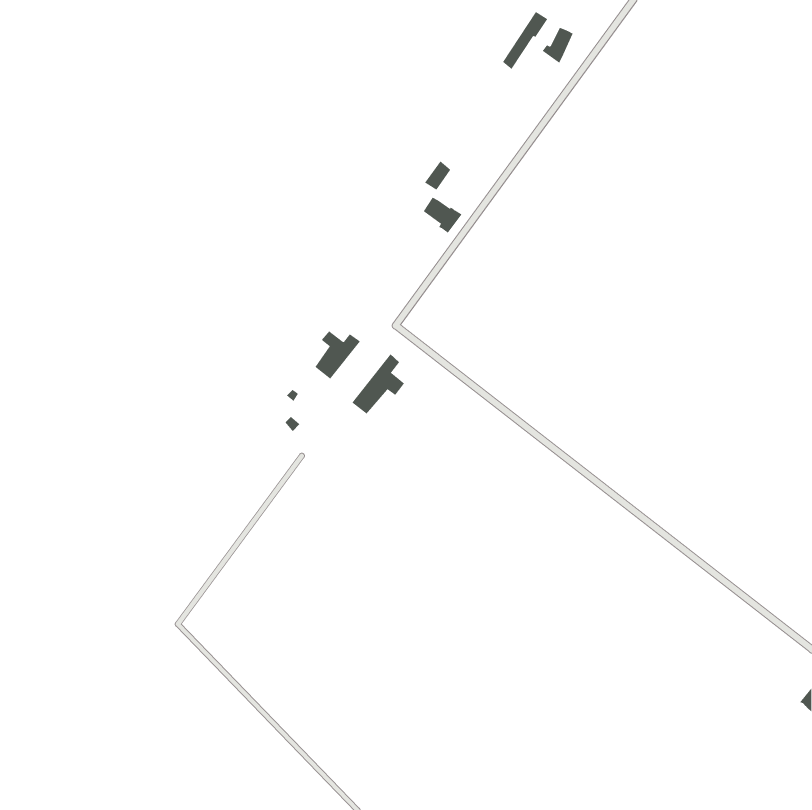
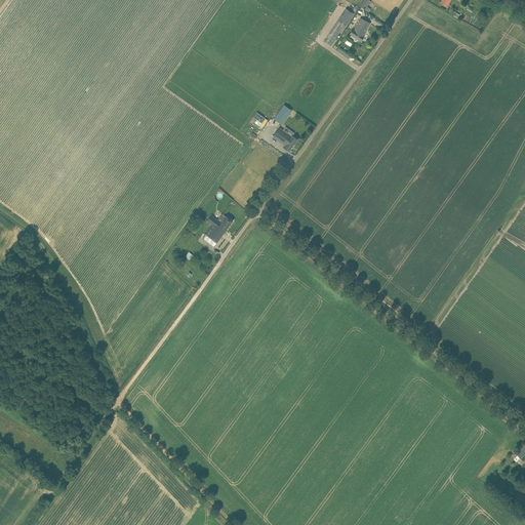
building: [351,354,405,415] -> none

